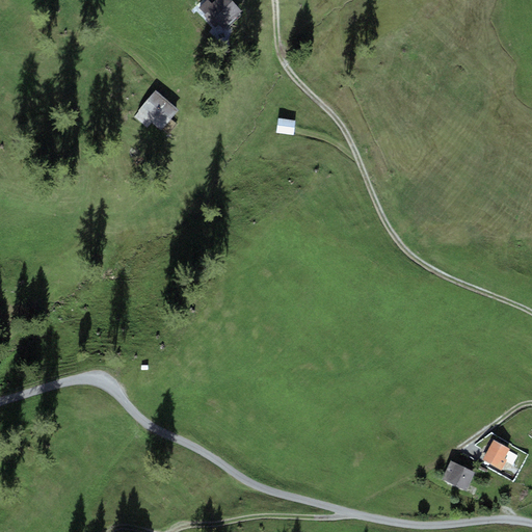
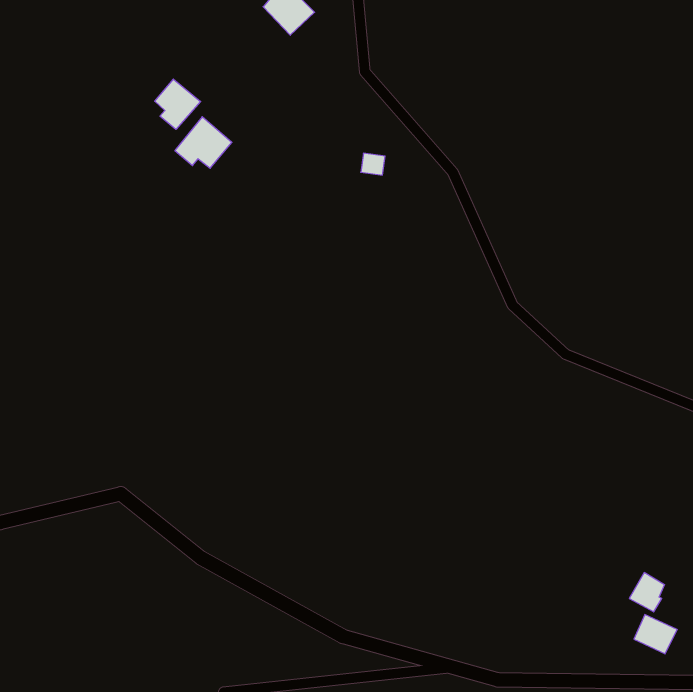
building: none -> [155,79,201,129]
building: [442,459,475,489] -> [634,615,677,654]

